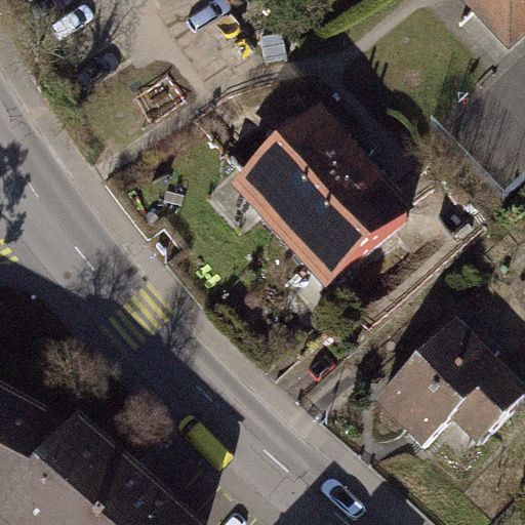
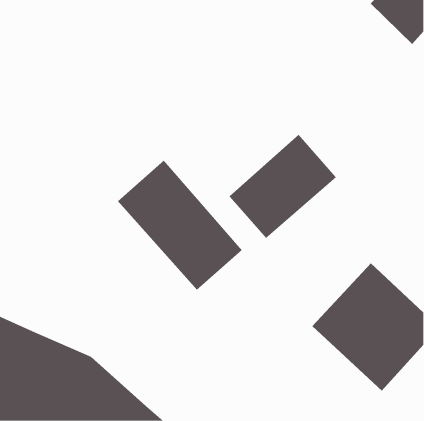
building: [231,111,362,238] -> none
building: none -> [117,160,242,290]

